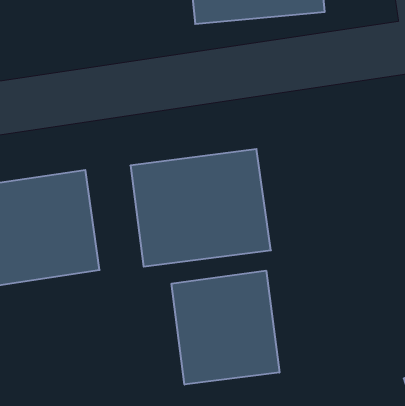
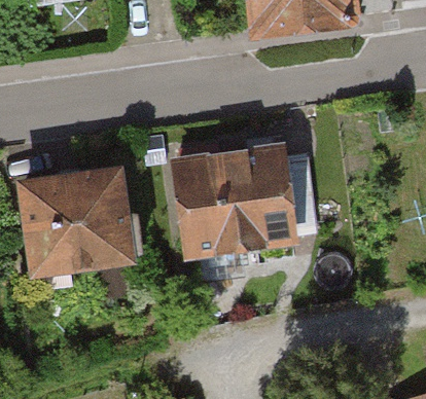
building: [172,271,279,385] -> none

